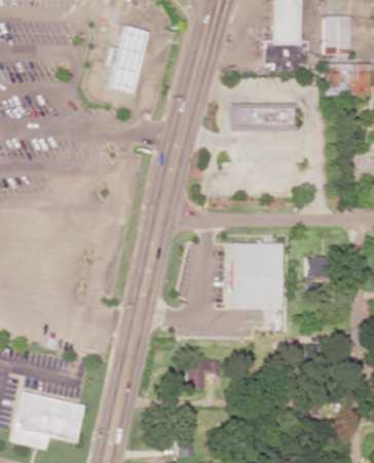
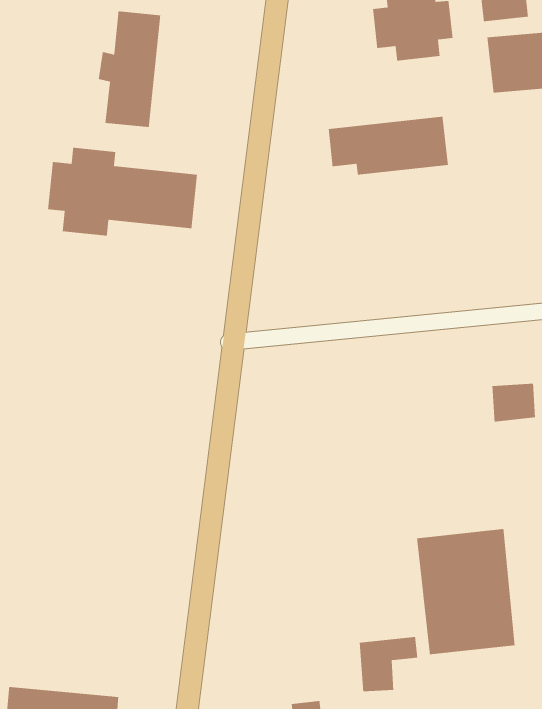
building: none -> [47,147,198,237]
building: [234,243,284,309] -> [416,528,515,655]
building: [187,360,220,389] -> [359,636,418,692]

